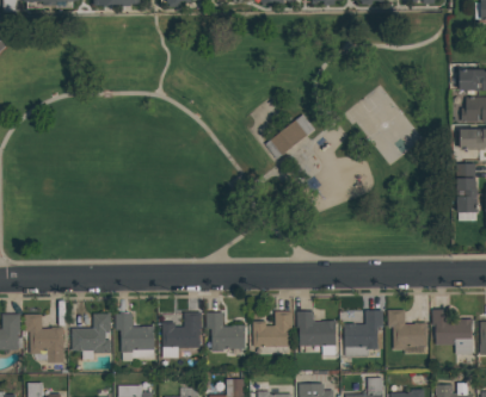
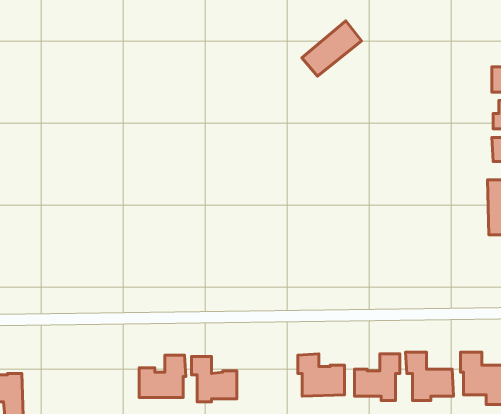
building: [270,113,320,160] -> [302,21,361,76]
building: [253,310,293,346] -> none
building: [72,312,111,353] -> none
building: [116,312,154,352] -> none

